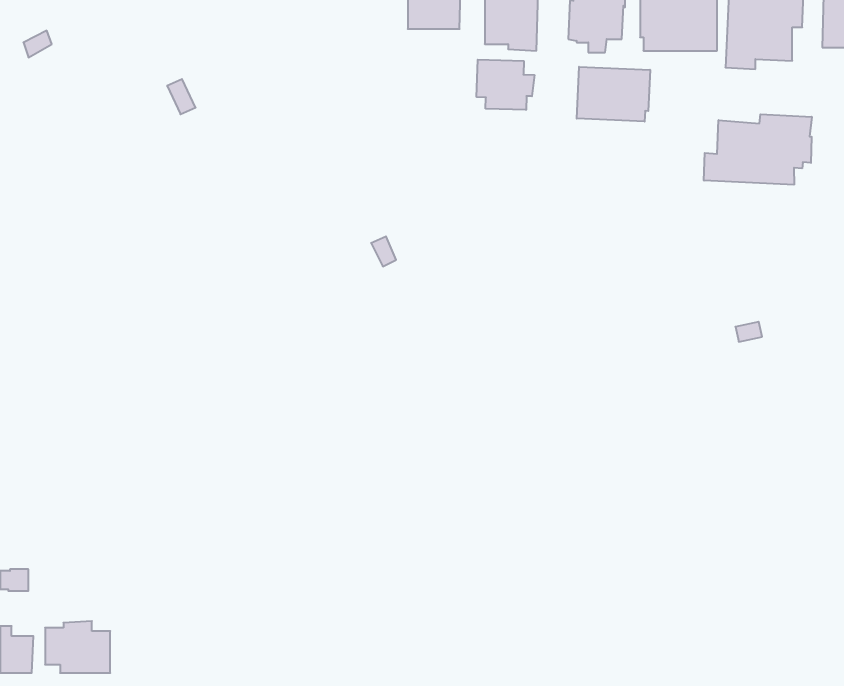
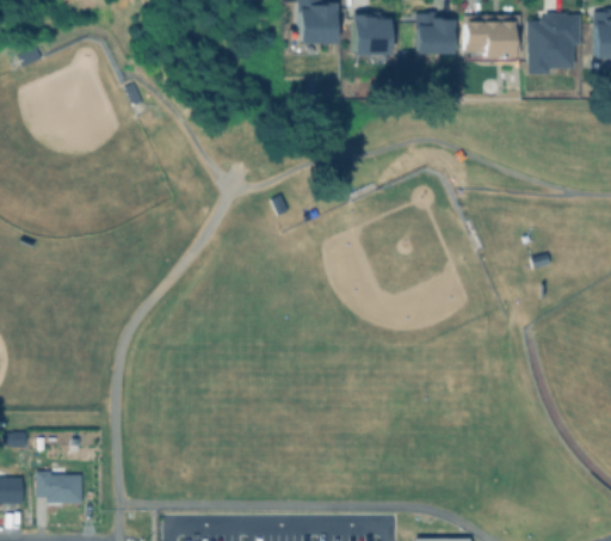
building: [477,60,534,110] -> none
building: [577,67,650,122] -> none
building: [704,114,812,185] -> none

